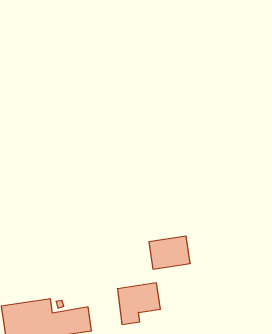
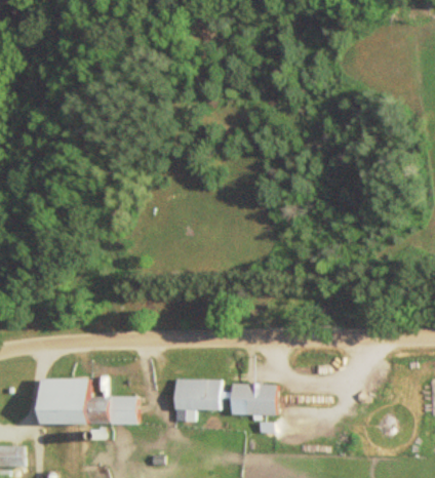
building: [149,236,190,269] -> [230,383,275,415]

